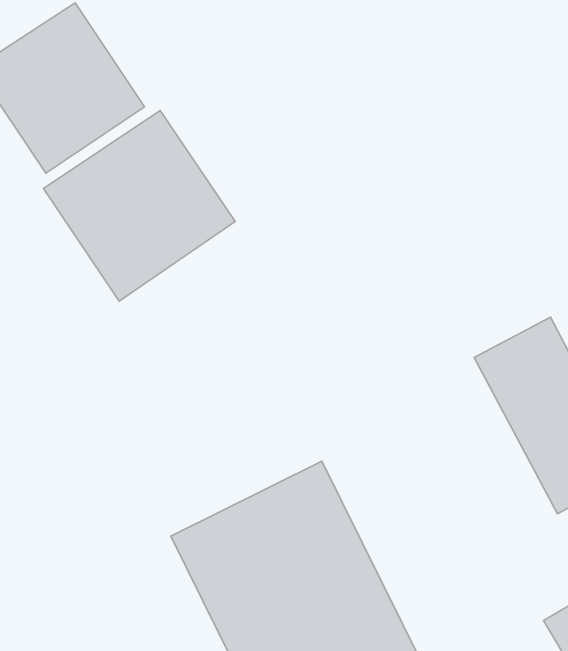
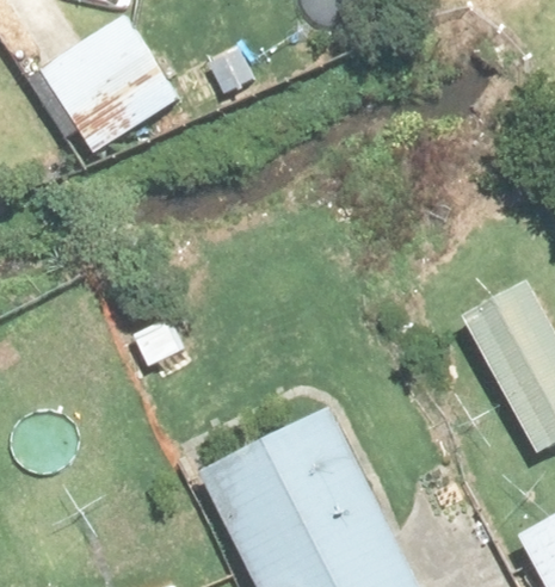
building: [43,111,235,301] -> none

